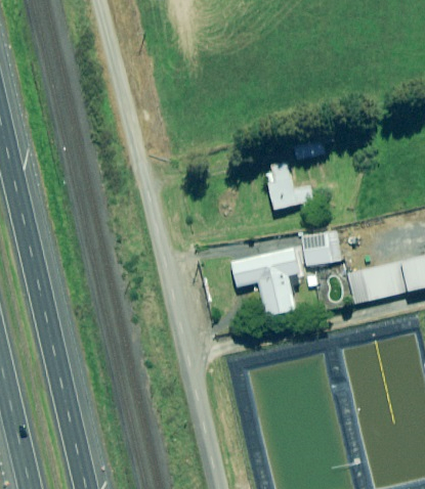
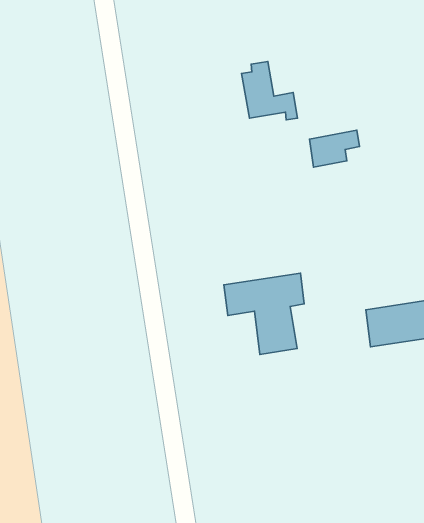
building: [266,163,314,210] -> [242,62,298,120]
building: [301,230,341,266] -> none

